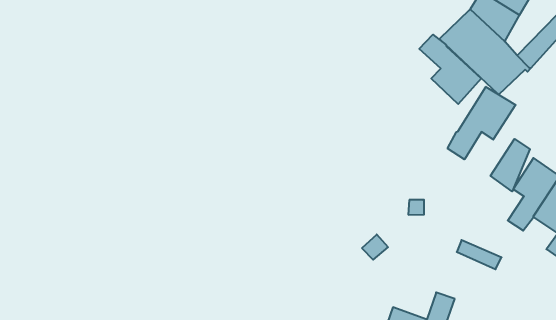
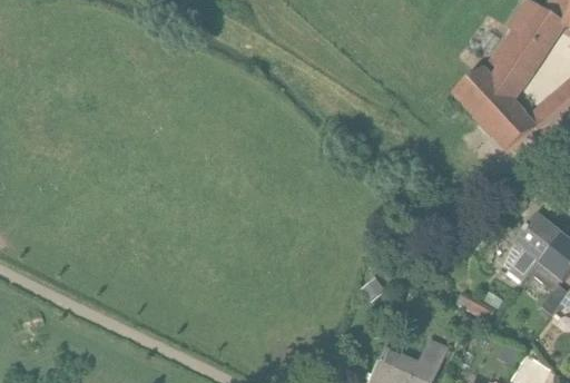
building: [419,35,481,104] -> none
building: [448,87,516,159] -> none
building: [491,139,530,191] -> none

